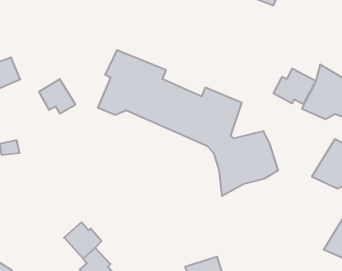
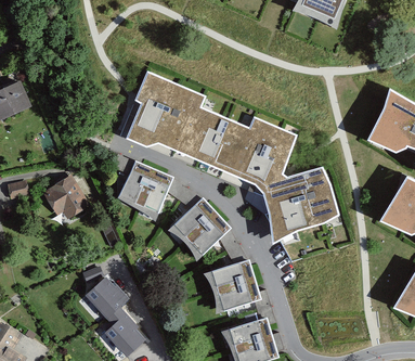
building: [273,69,316,104] -> none
building: [39,79,75,114] -> [43,176,87,217]
building: none -> [118,160,172,214]
building: none -> [173,198,230,255]
building: none -> [210,260,260,311]

